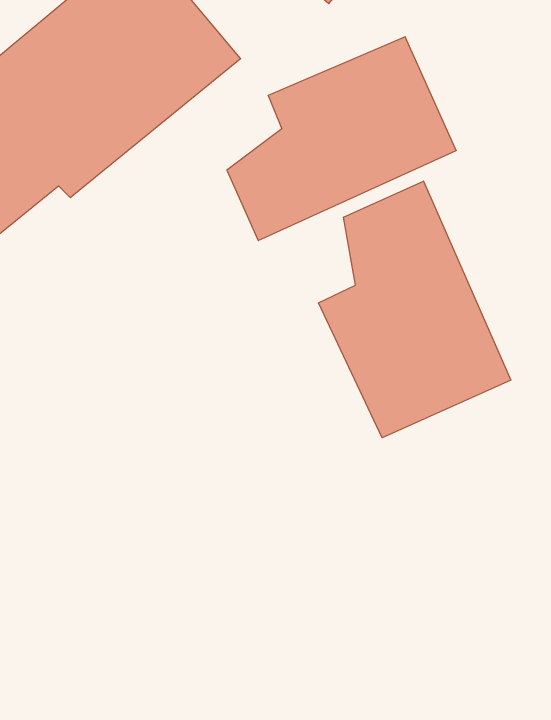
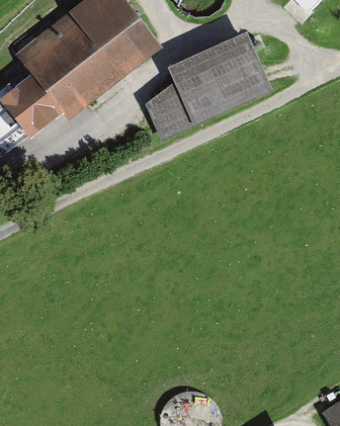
building: [319,181,511,438] -> none

